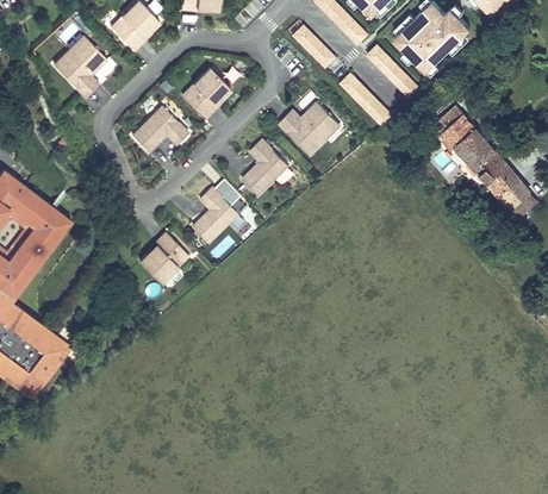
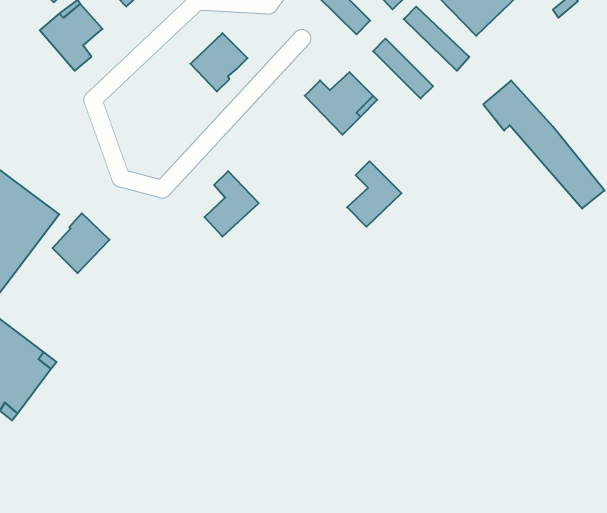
building: [132,106,188,151] -> none
building: [243,139,289,195] -> [347,161,402,227]
building: [141,232,189,283] -> [52,213,110,273]

